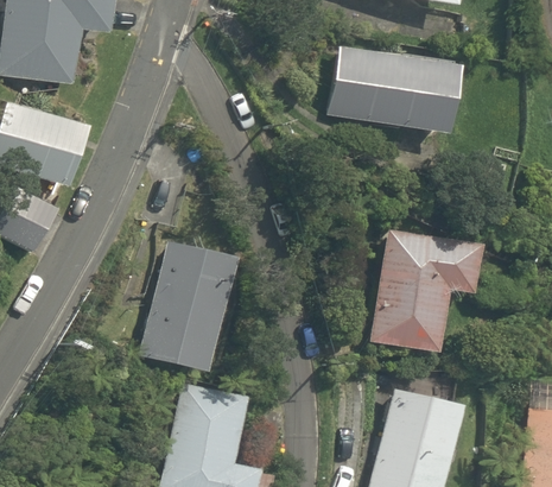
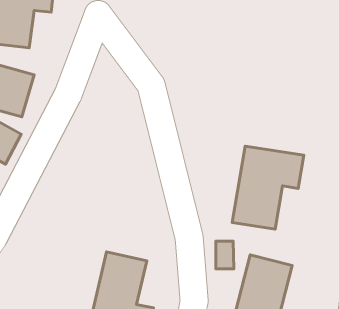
building: [330,45,457,132] -> none
building: [142,240,234,369] -> none

